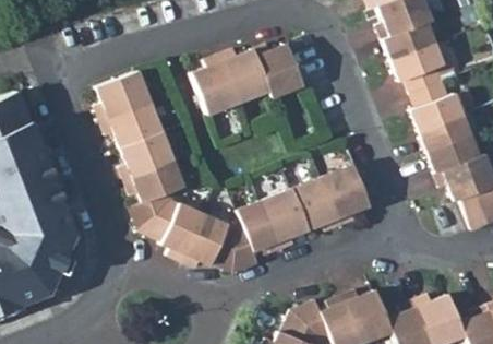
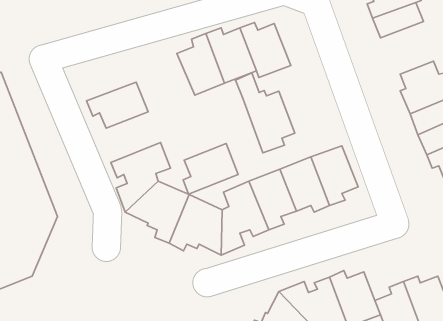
building: [393,41,445,94] -> none
building: [97,70,152,120] -> none
building: none -> [235,73,295,153]
building: [121,131,176,181] -> [183,144,238,194]

